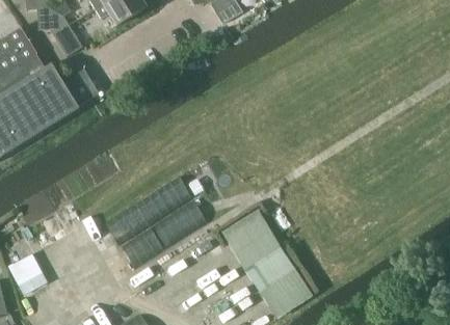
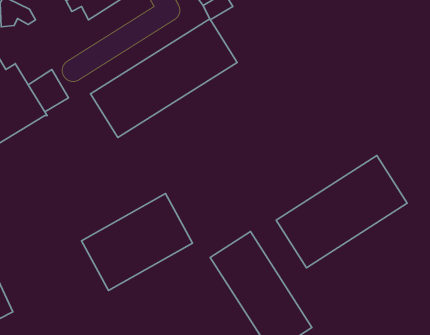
building: [50,24,82,57] -> none
building: none -> [91,19,237,138]
building: none -> [276,156,407,268]

